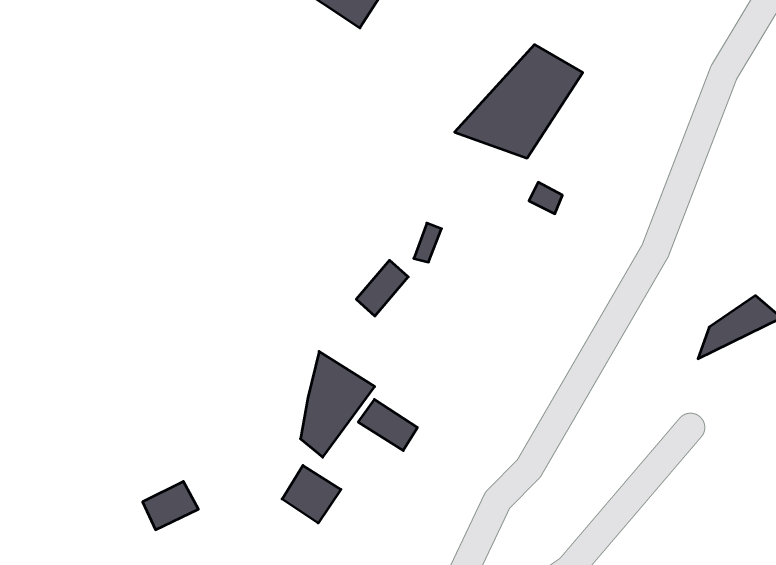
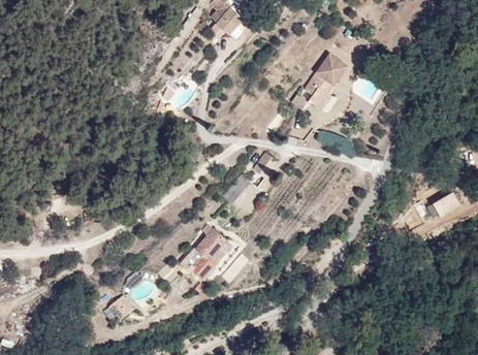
building: [358,399,417,451] -> none
building: [282,465,341,523] -> none

